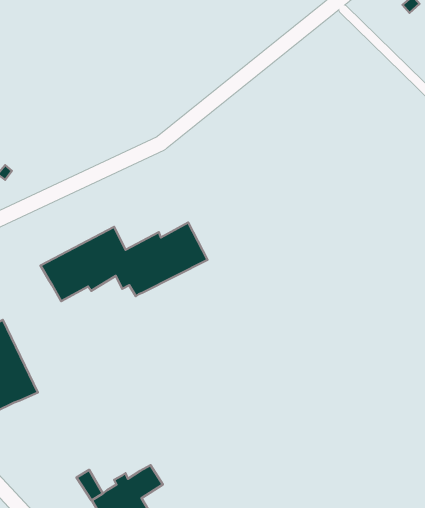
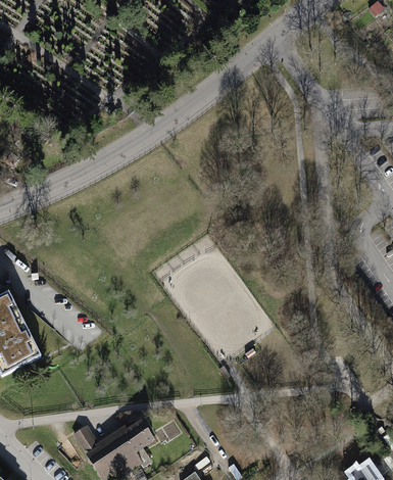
building: [40,222,207,301] -> none

